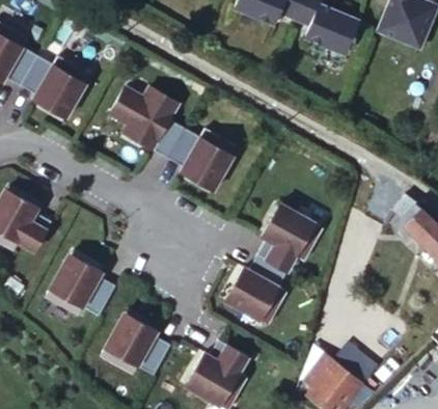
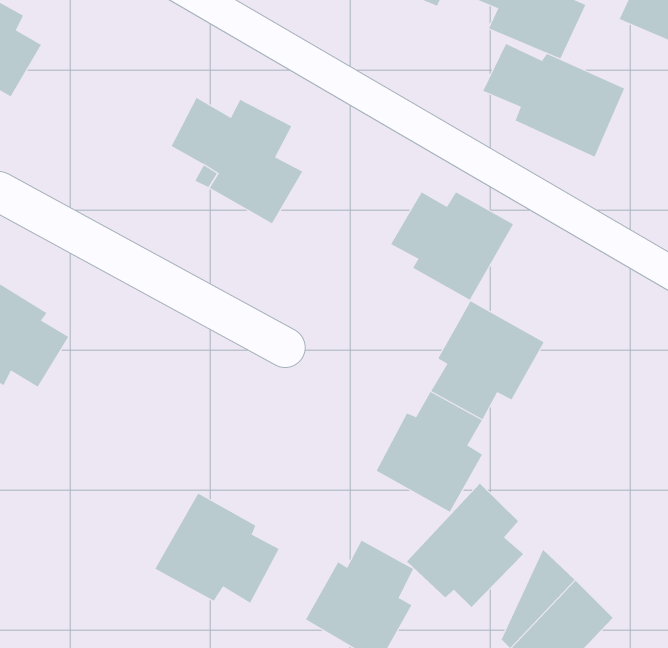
building: none -> [482,43,625,157]
building: [21,53,91,116] -> none
building: [170,126,241,188] -> [390,192,514,300]
building: [47,251,118,313] -> none
building: none -> [406,483,524,608]

